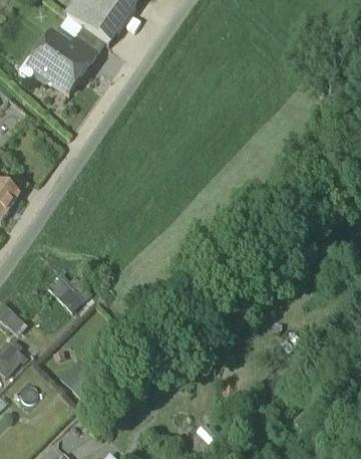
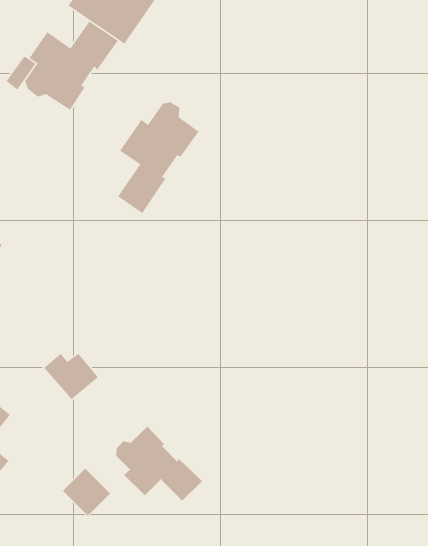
building: none -> [117,102,200,214]
building: none -> [115,426,203,501]

